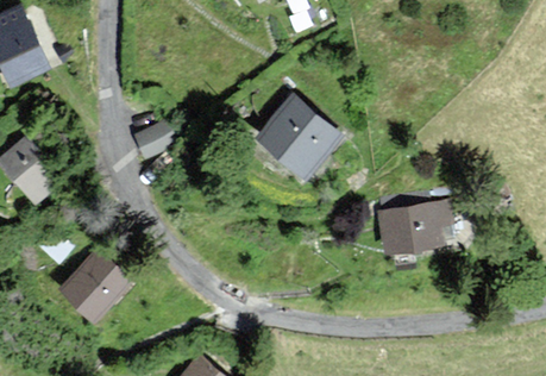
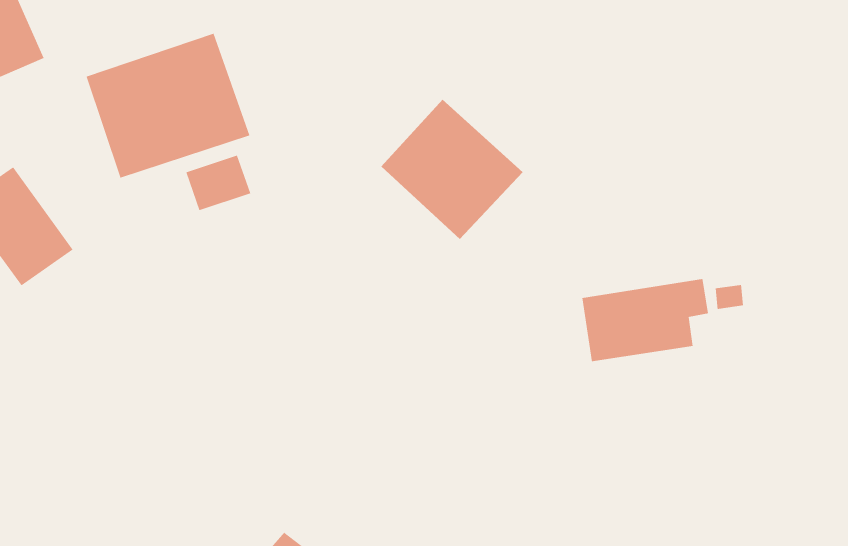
building: none -> [86,33,250,179]
building: [58,251,132,325] -> none

